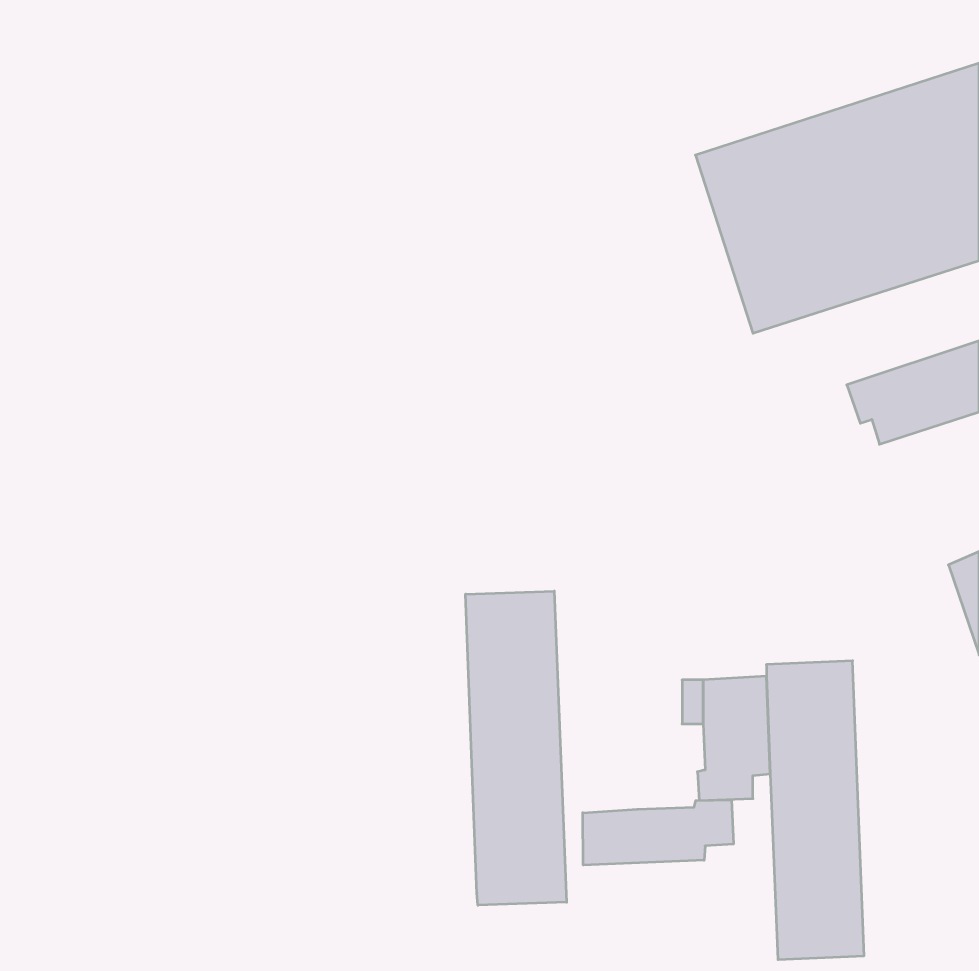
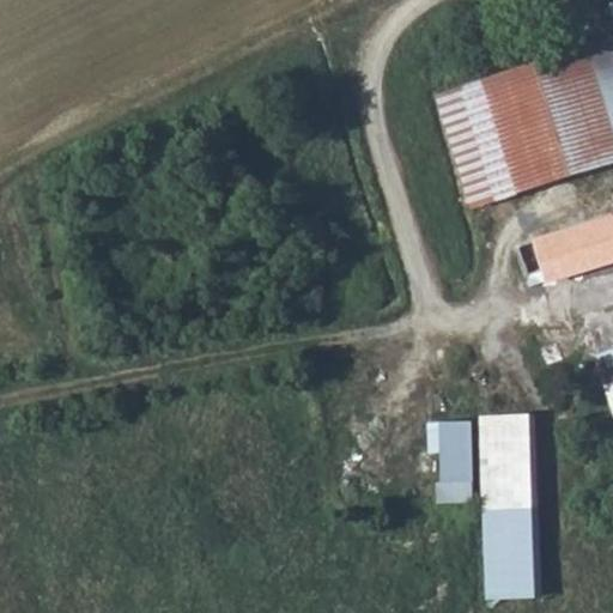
building: [466,591,567,905] -> none
building: [583,800,733,865] -> none

